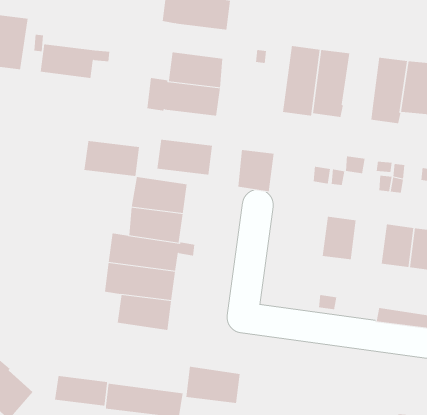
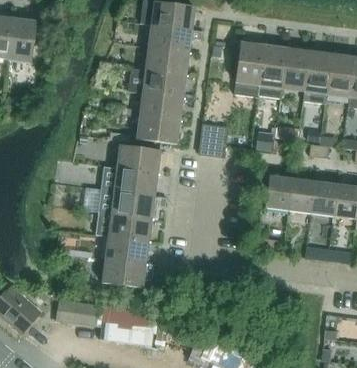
building: [40,44,110,78] -> [148,25,203,52]
building: none -> [281,48,309,91]
building: [84,141,140,176] -> [139,92,183,120]
building: none -> [288,178,315,212]
building: [185,366,241,403] -> [102,258,145,287]

